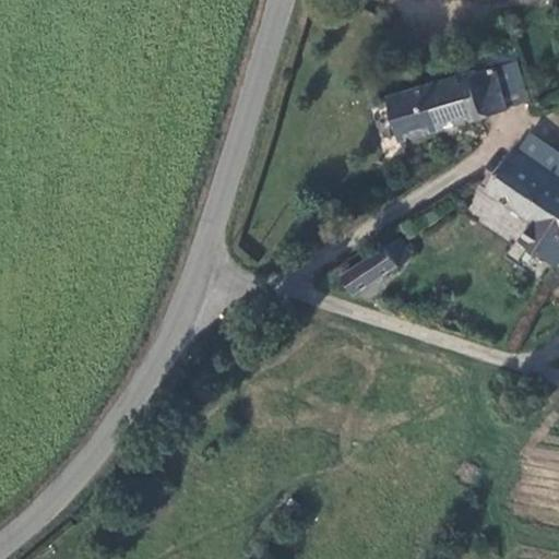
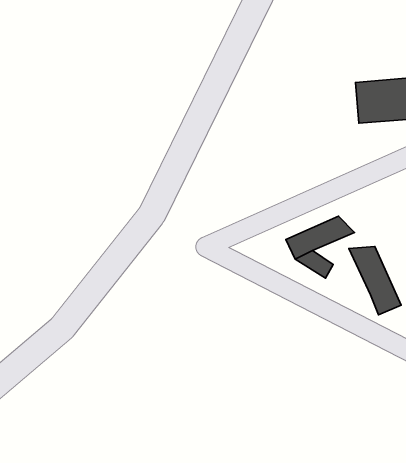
building: none -> [349,247,401,315]

